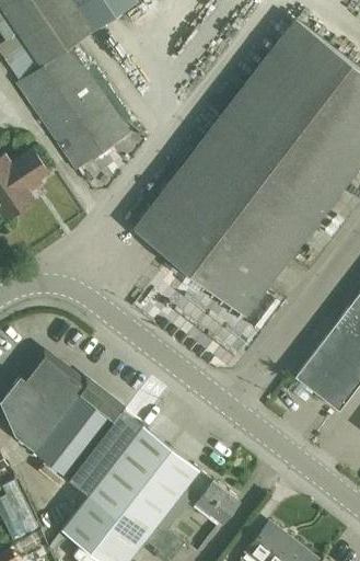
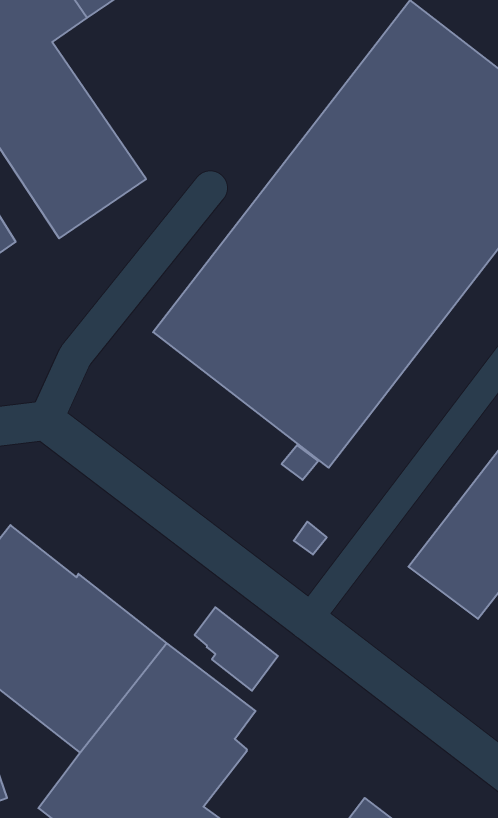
building: [185,468,237,520] -> [195,607,278,691]

